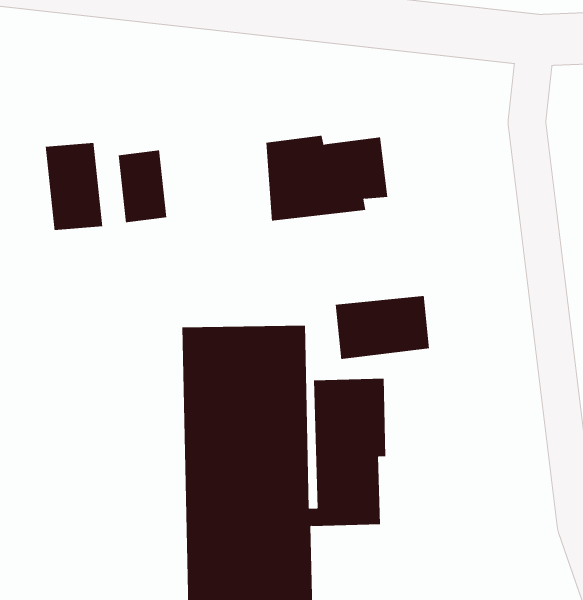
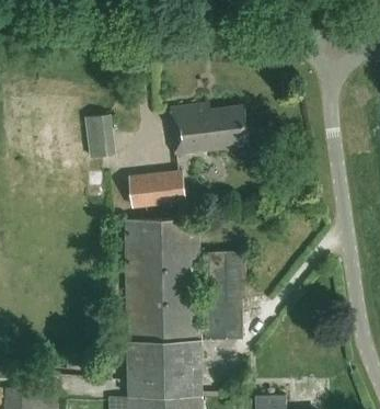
building: [45,142,103,231] -> none
building: [335,295,430,359] -> [128,170,185,208]

